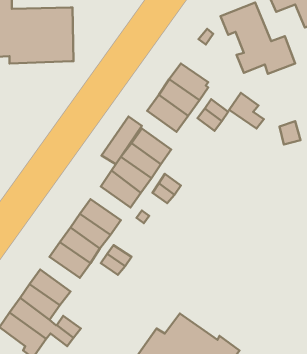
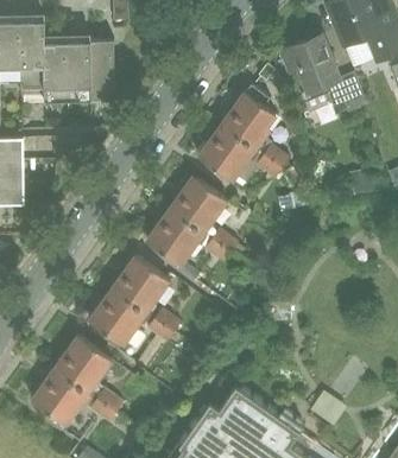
building: [229,93,264,129] -> [236,82,276,122]
building: [101,117,142,164] -> none

